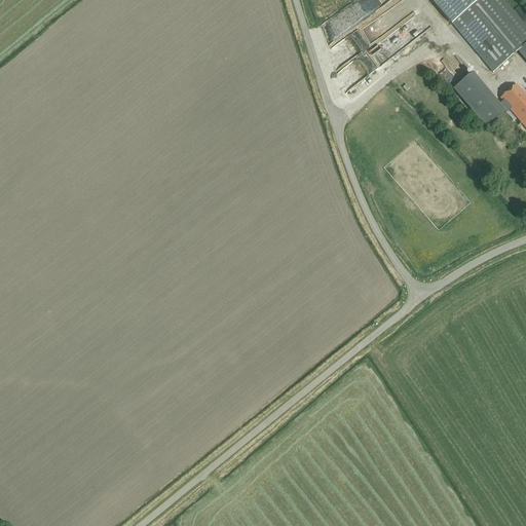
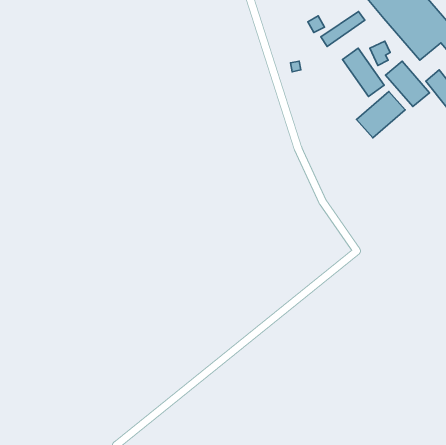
building: none -> [343,48,384,97]
building: none -> [357,92,405,138]

